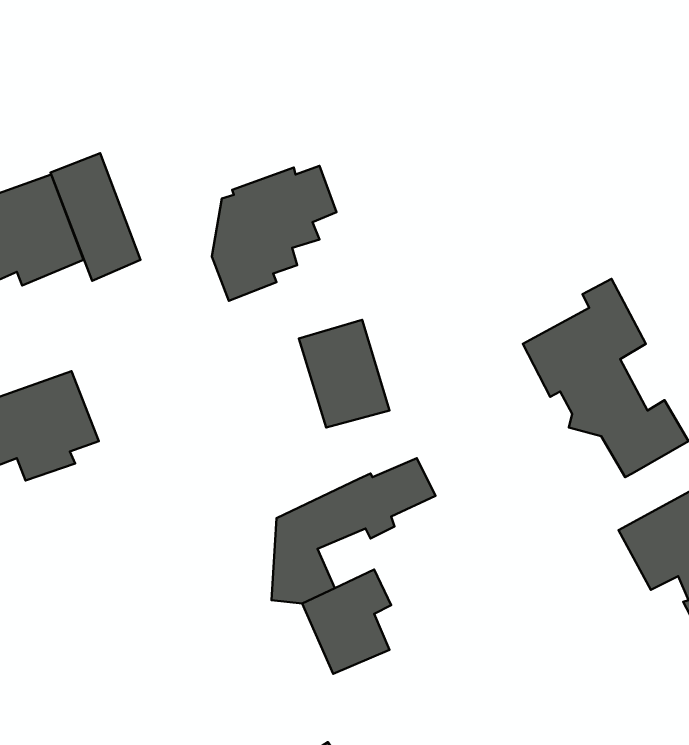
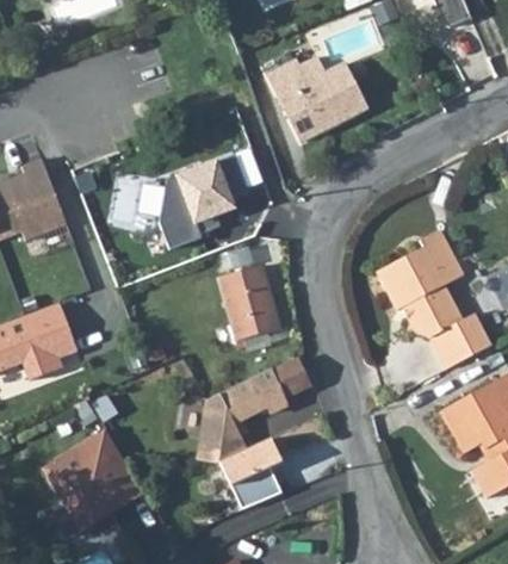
building: none -> [270,54,366,140]
building: [50,153,141,281] -> none
building: none -> [43,428,145,526]

